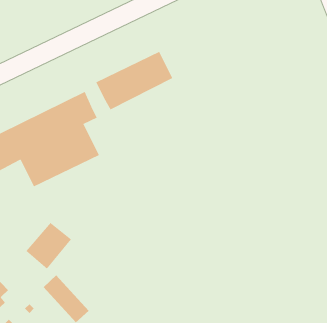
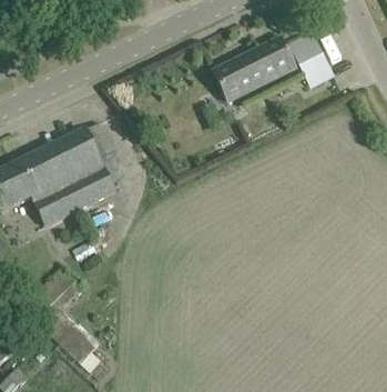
building: none -> [293,34,333,86]
building: [96,51,173,110] -> [211,38,294,101]

